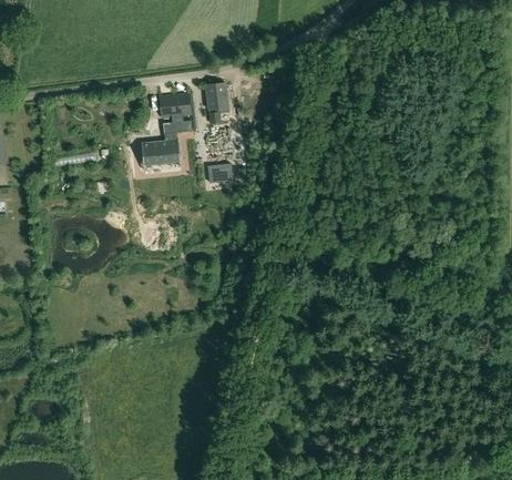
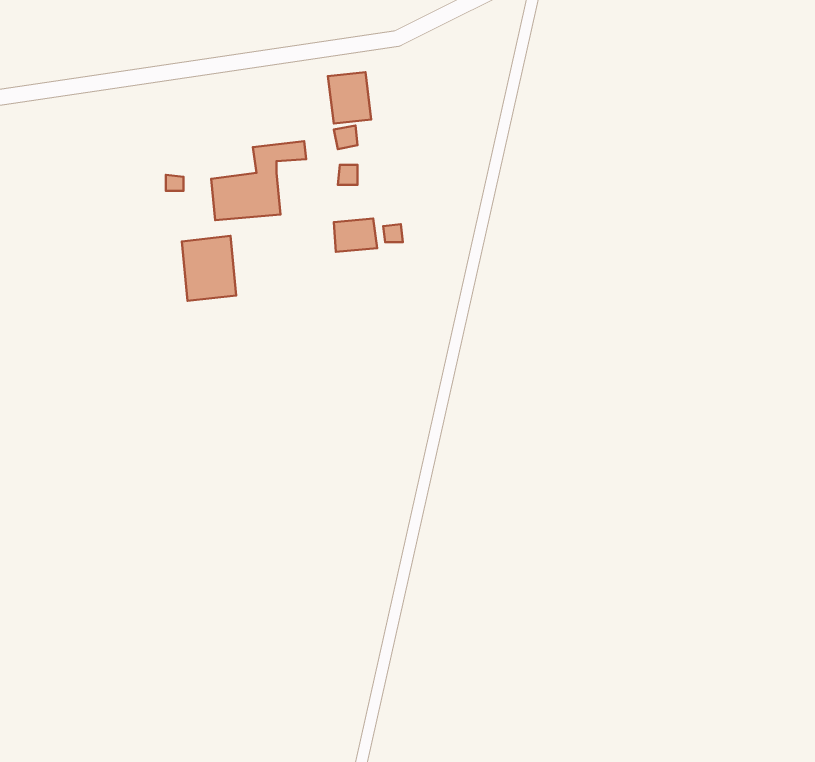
building: [161,94,191,119] -> none
building: none -> [182,236,236,301]

